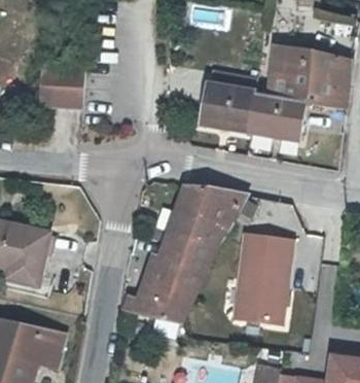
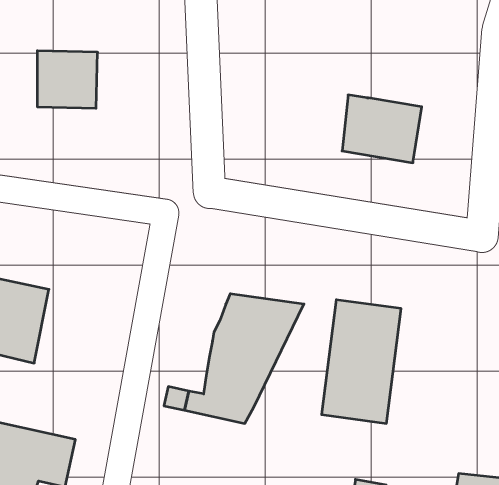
building: [266,48,350,107] -> none
building: [200,71,254,132] -> none
building: [171,185,245,239] -> none

